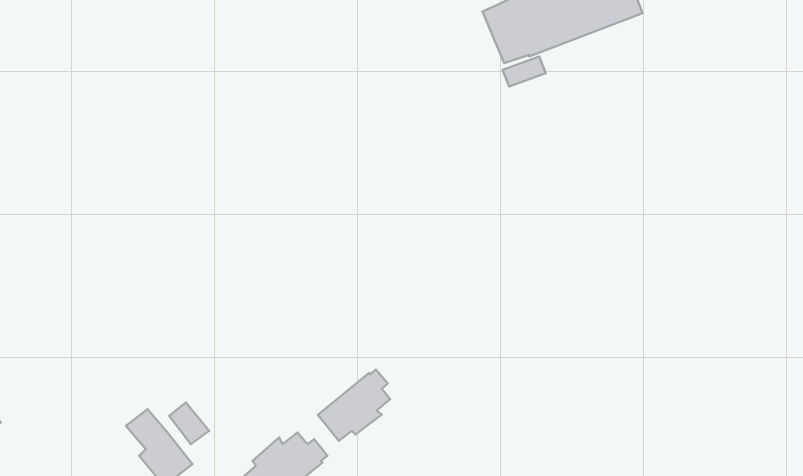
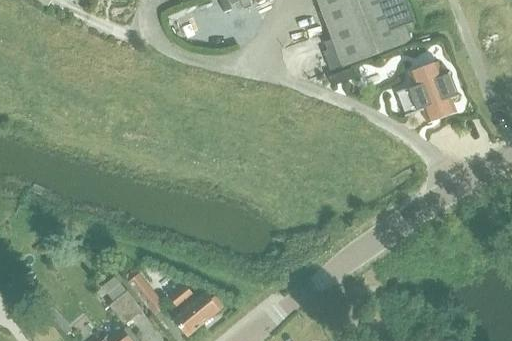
building: none -> [394,61,458,123]
building: [318,369,390,441] -> none

